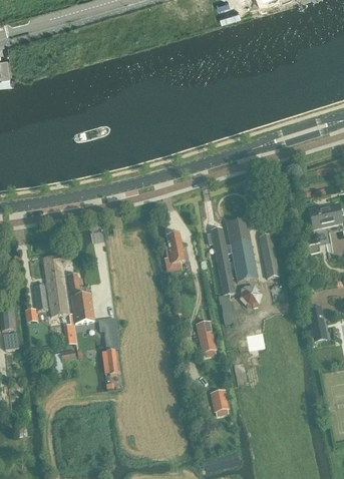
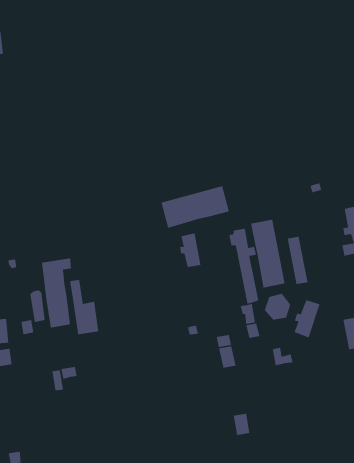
building: none -> [161,185,230,229]
building: none -> [294,299,320,338]
building: [98,319,118,375] -> none

